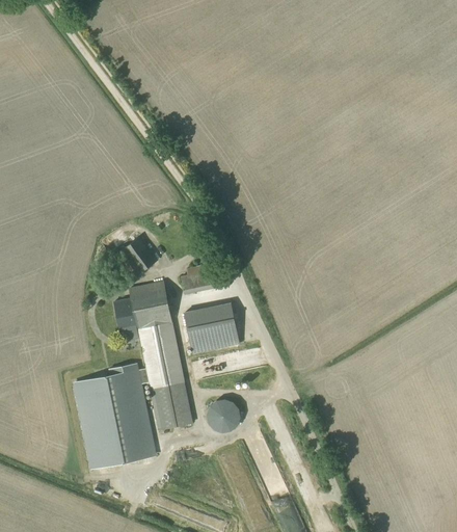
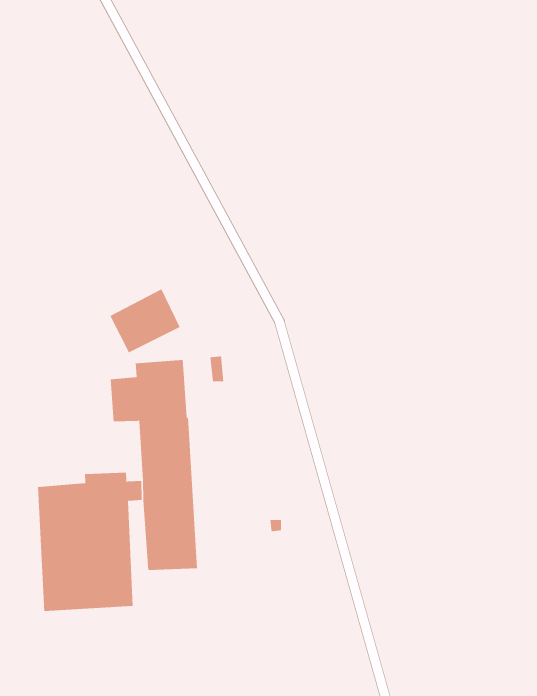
building: [185,303,239,353] -> none
building: [208,400,239,431] -> none

